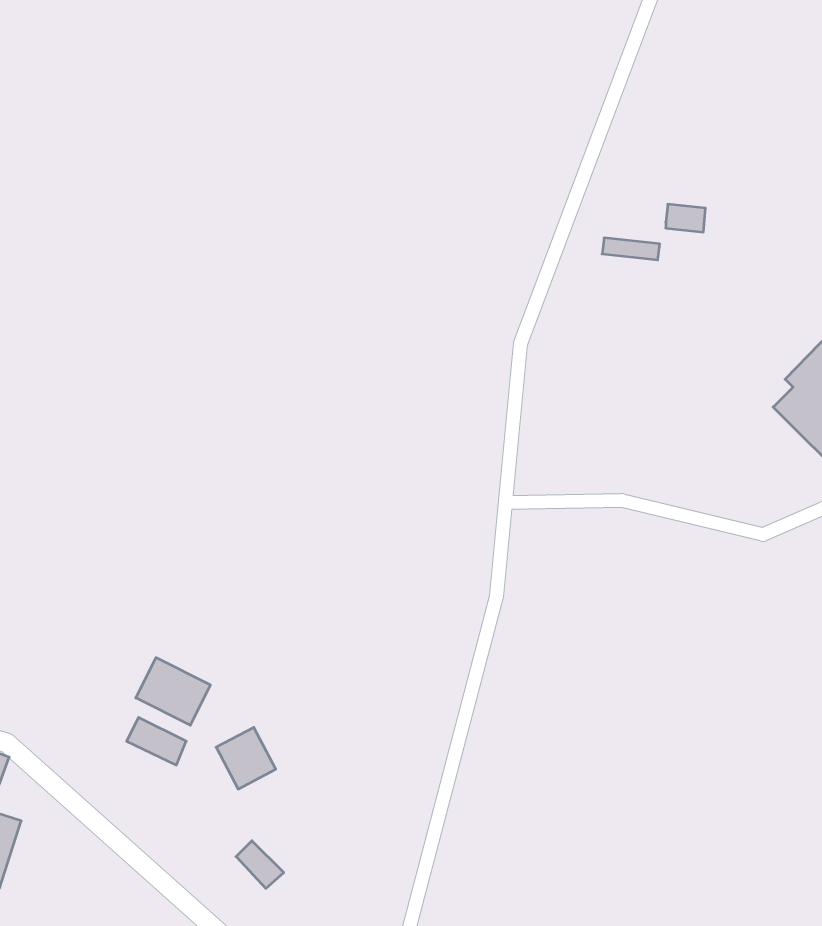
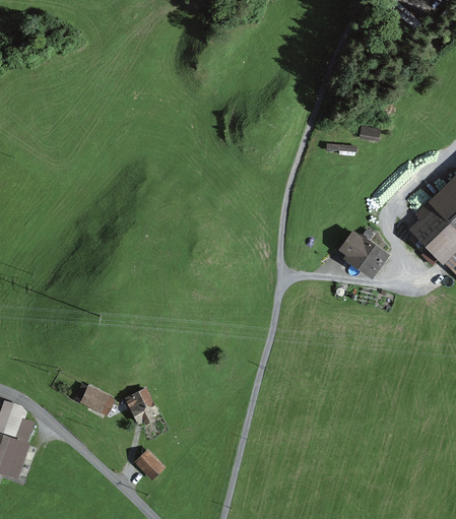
building: none -> [339,232,385,277]
building: [136,658,210,725] -> none

